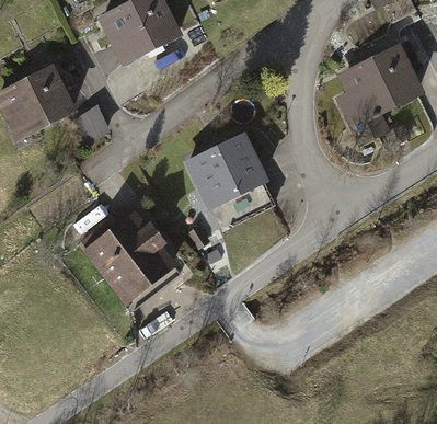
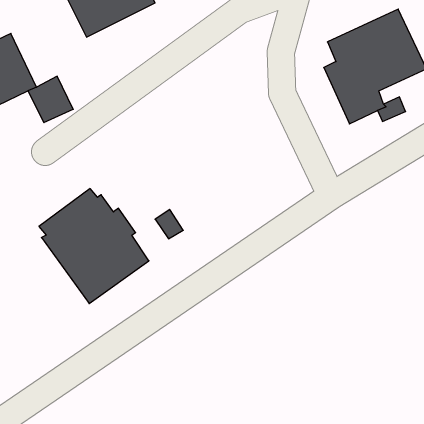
building: [186,134,268,208] -> none

